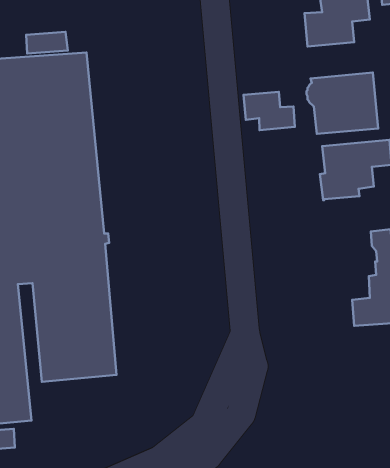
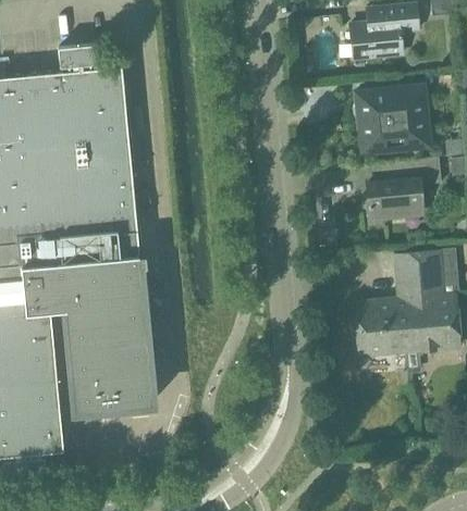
building: [244,92,295,130] -> none
building: none -> [354,254,426,358]

